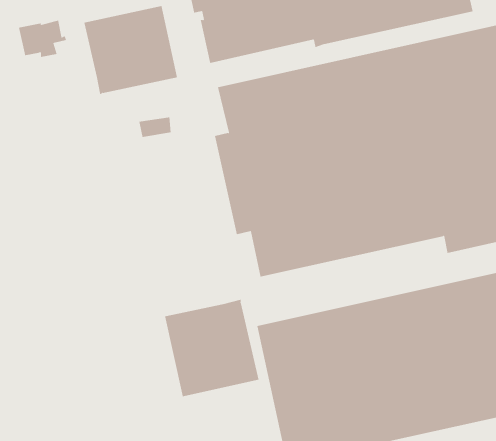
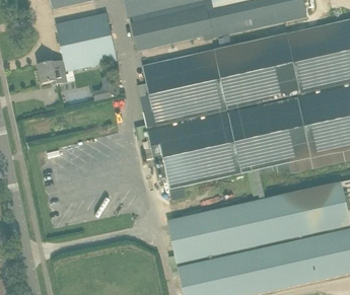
building: [18,20,67,57] -> [38,59,69,83]
building: [164,299,259,397] -> none

